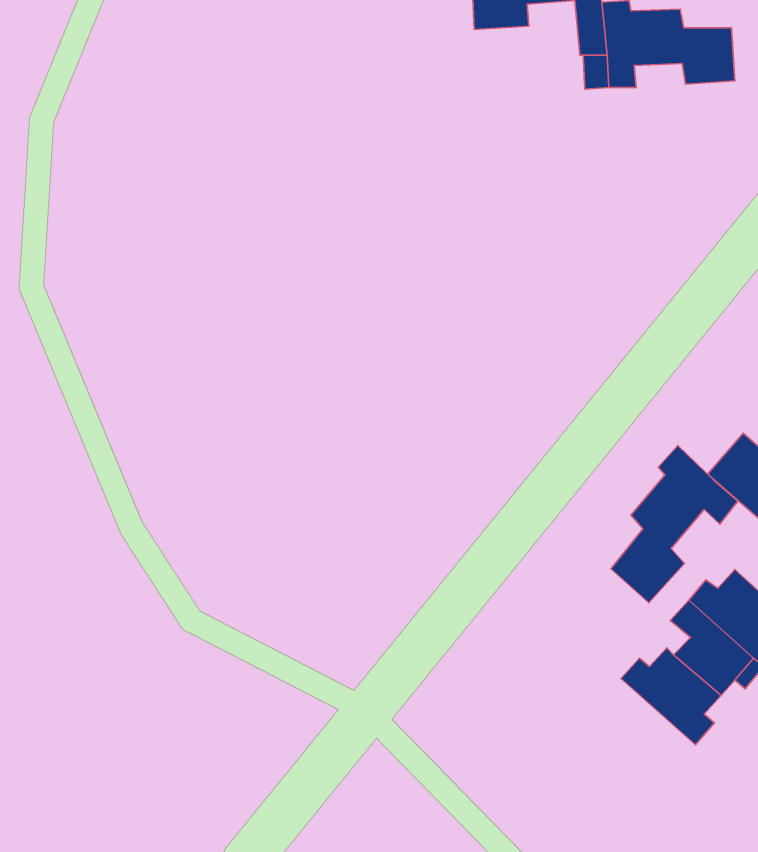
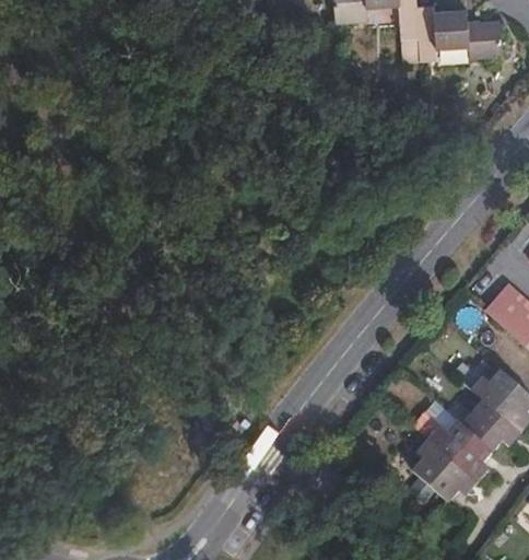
building: [611,445,738,603] -> none
building: none -> [413,440,477,502]

